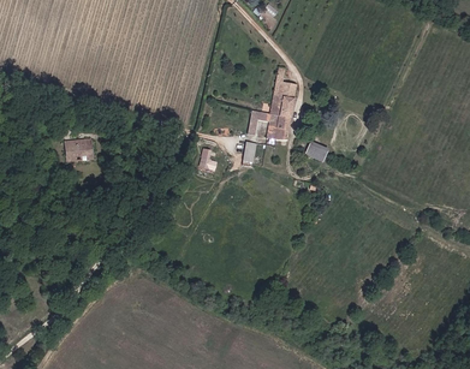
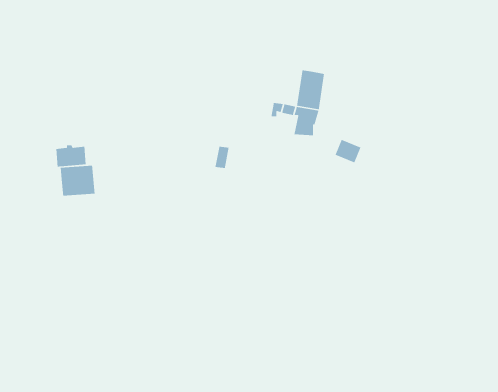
building: none -> [60,165,95,197]

